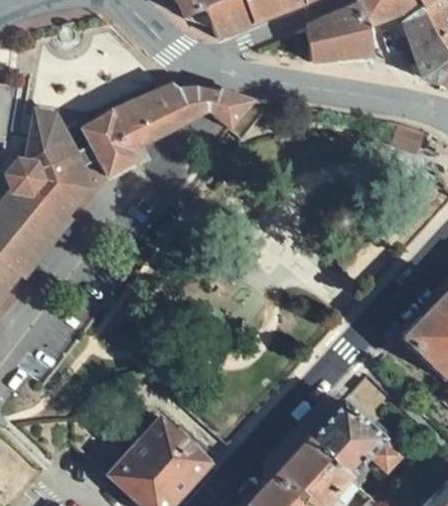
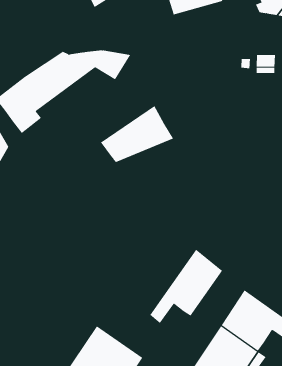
building: none -> [100,105,174,163]
building: none -> [150,249,223,324]

